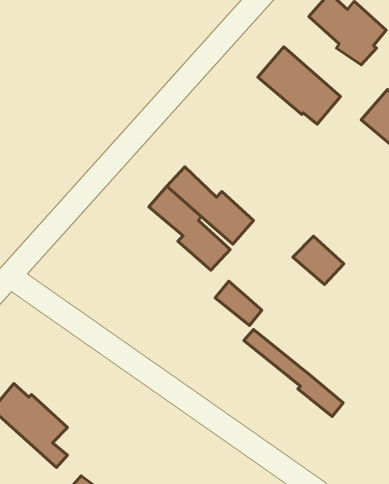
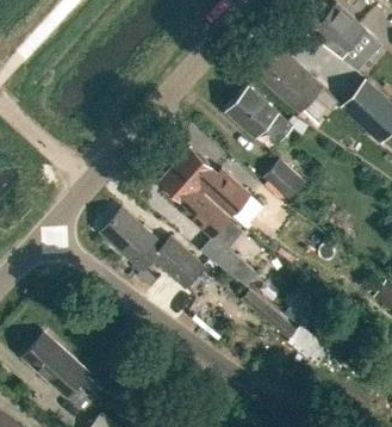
building: none -> [226,86,294,142]
building: none -> [101,208,205,289]
building: [293,236,344,285] -> [263,159,307,200]

